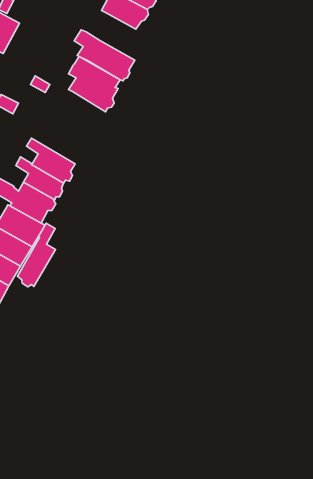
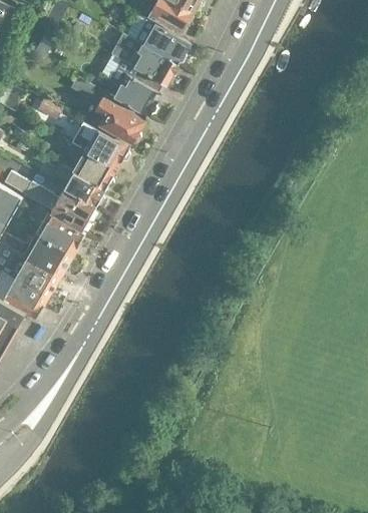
building: none -> [124,13,187,62]
building: none -> [87,94,142,142]
building: none -> [68,120,126,168]
building: [18,223,56,287] -> none

